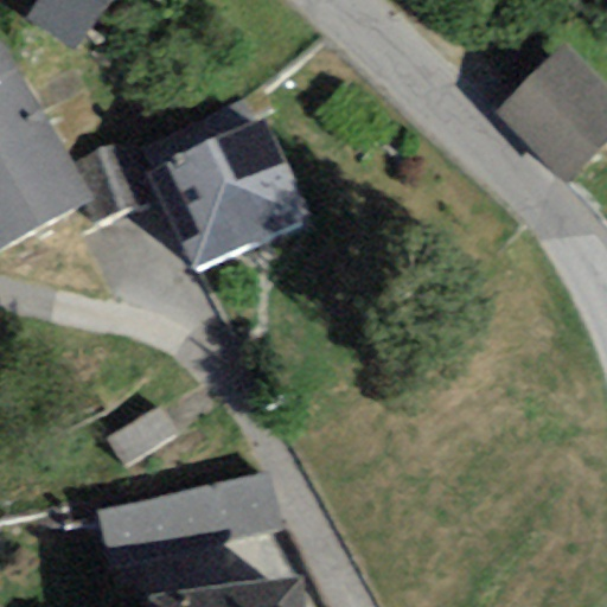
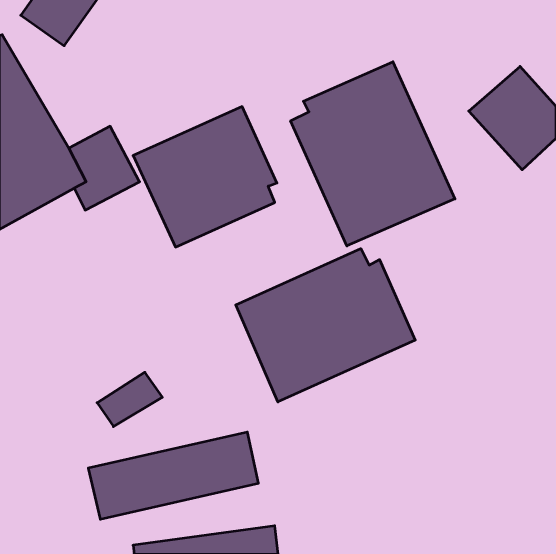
building: none -> [291,62,455,246]
building: none -> [236,249,415,402]

